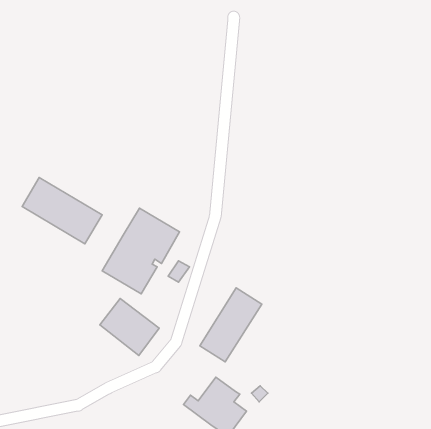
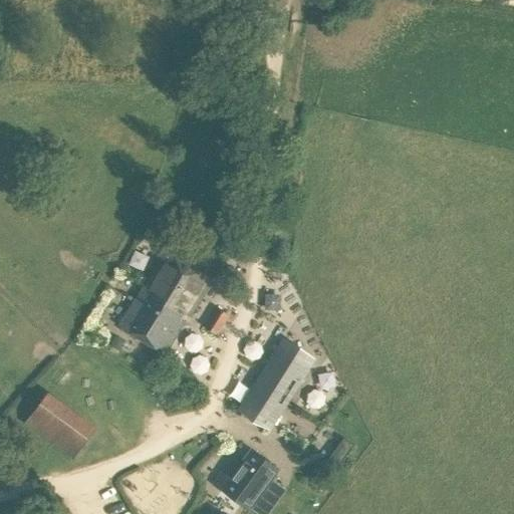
building: [22,178,102,244] -> none
building: [100,299,159,355] -> [16,386,86,453]

